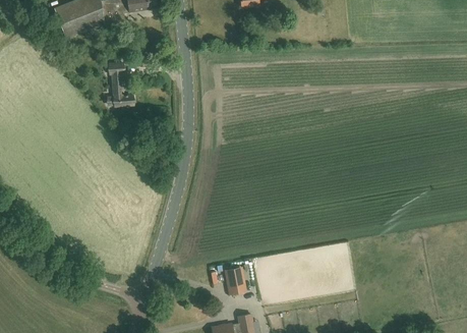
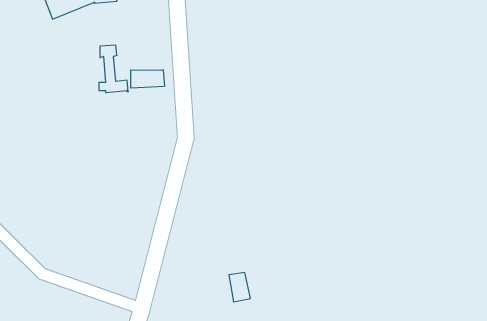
building: none -> [131,70,164,88]

